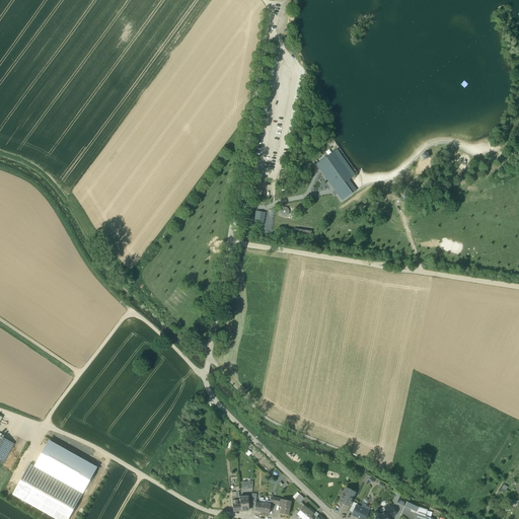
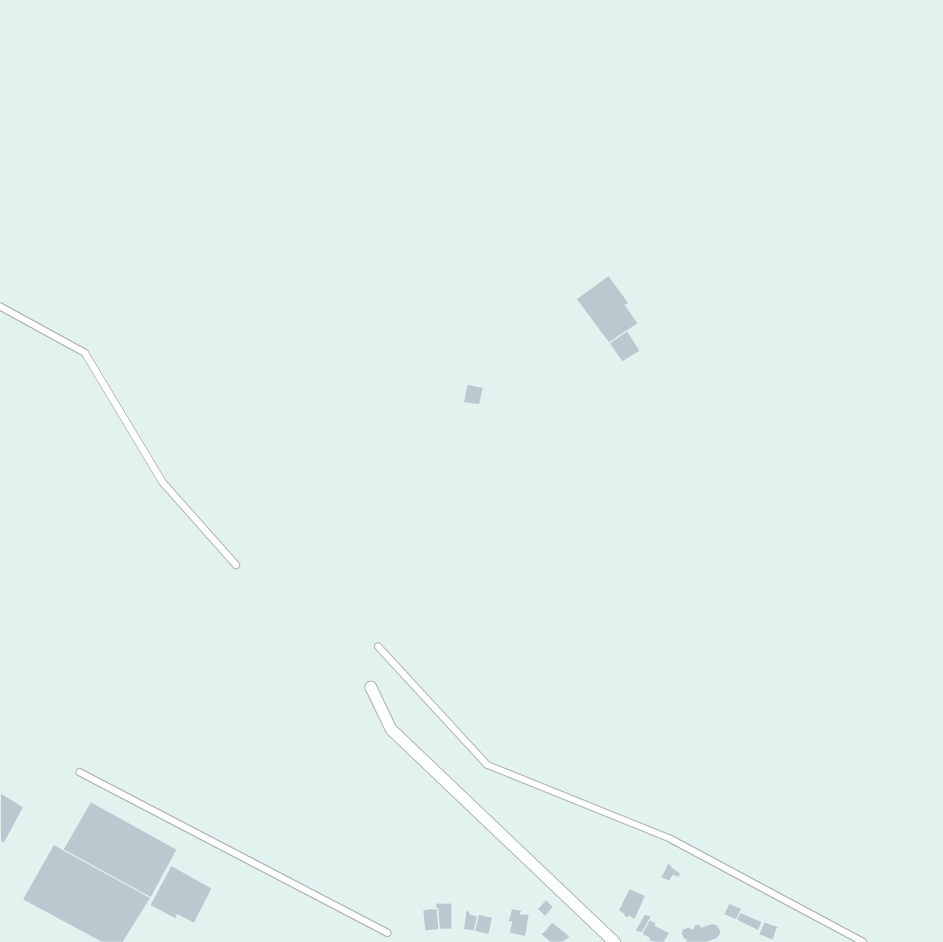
building: none -> [150,865,212,924]

